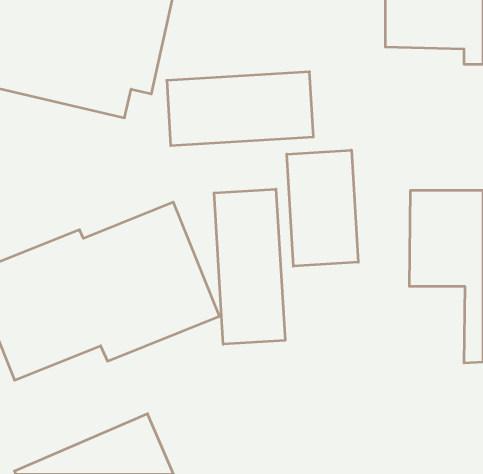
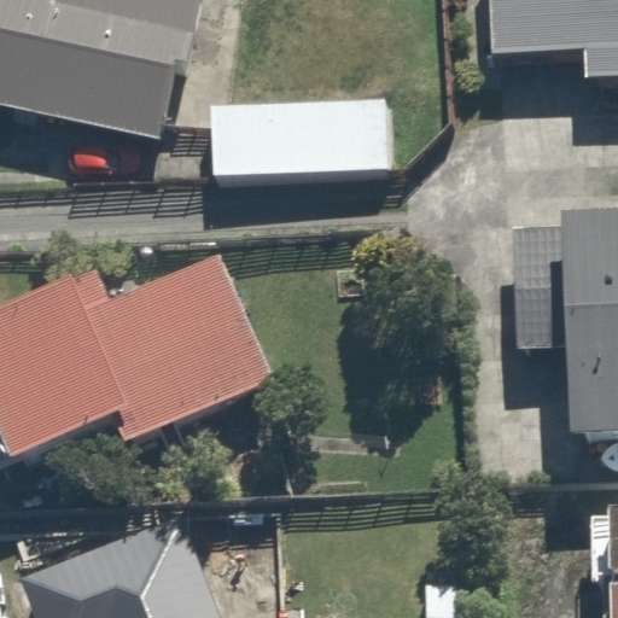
building: [287,150,358,266] -> none
building: [214,189,285,344] -> none

